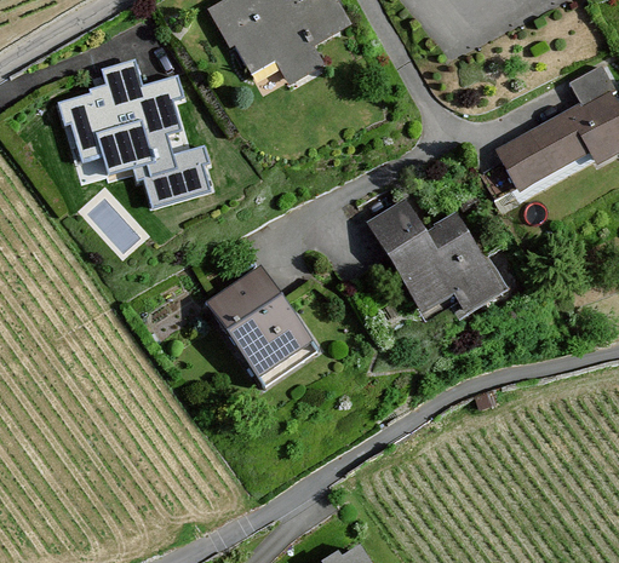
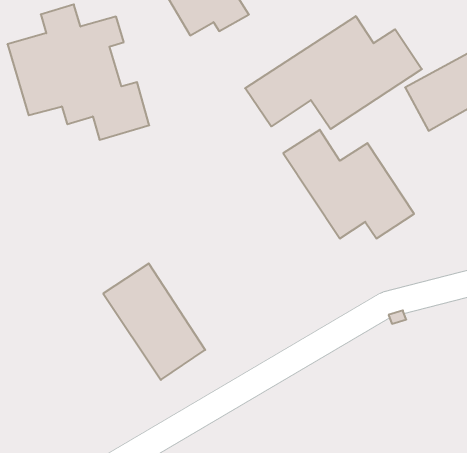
building: none -> [245,16,422,129]
building: [208,268,320,395] -> [103,263,205,380]

